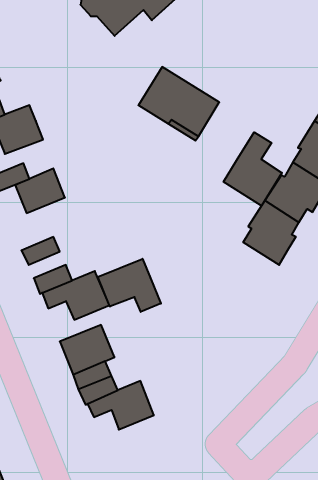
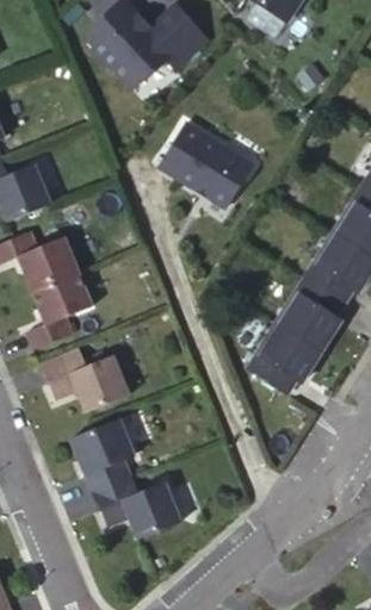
building: [224,132,282,206] -> none
building: none -> [32,272,91,324]
building: none -> [249,323,323,392]
building: [98,259,161,312] -> none

